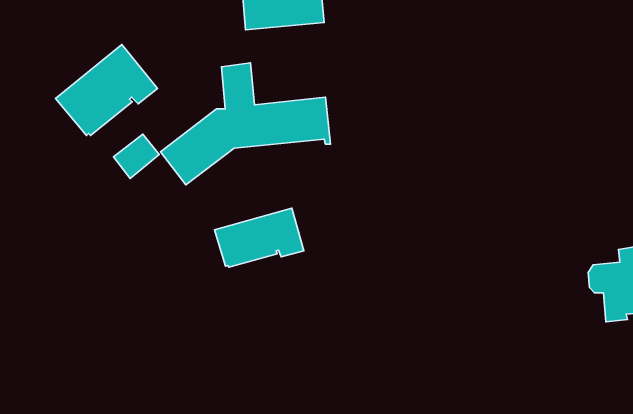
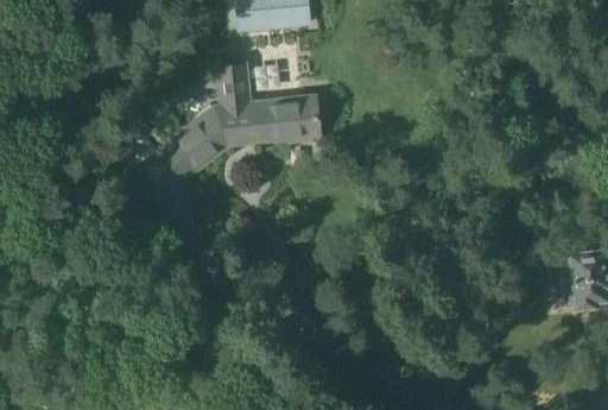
building: [56,45,157,136] -> none
building: [215,208,304,267] -> none

